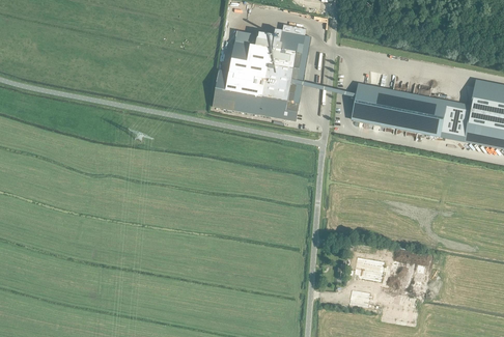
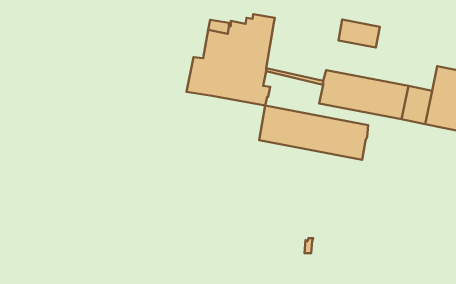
building: none -> [338,20,380,48]
building: none -> [259,106,368,160]

